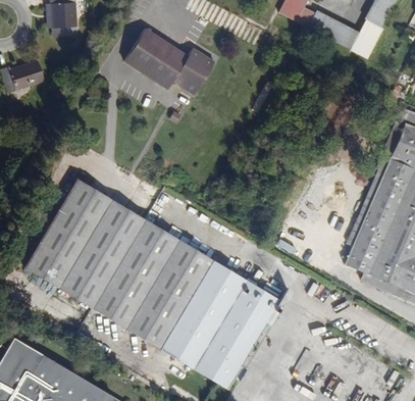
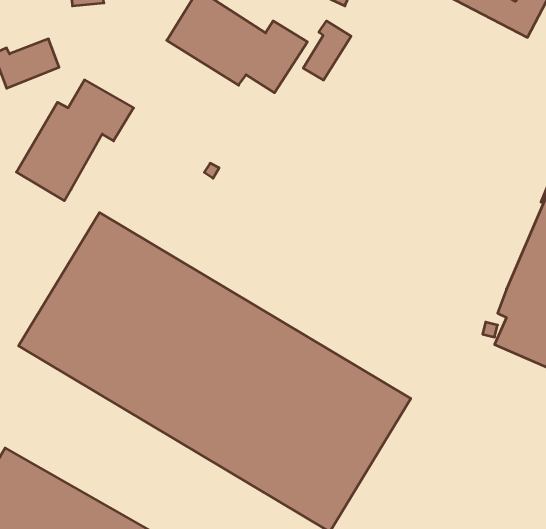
building: none -> [303,21,351,80]
building: none -> [16,80,134,201]

